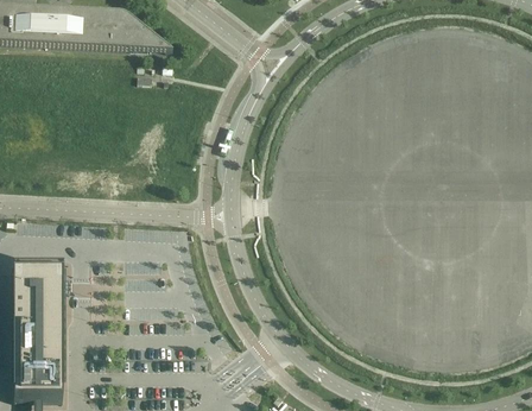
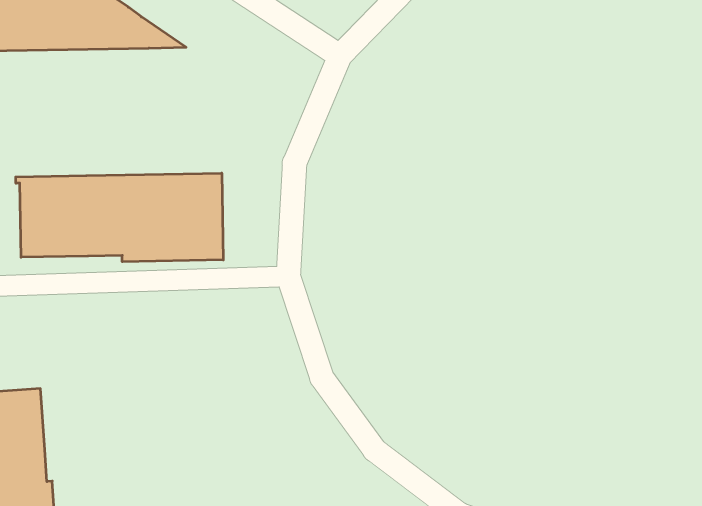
building: none -> [16,173,223,262]

